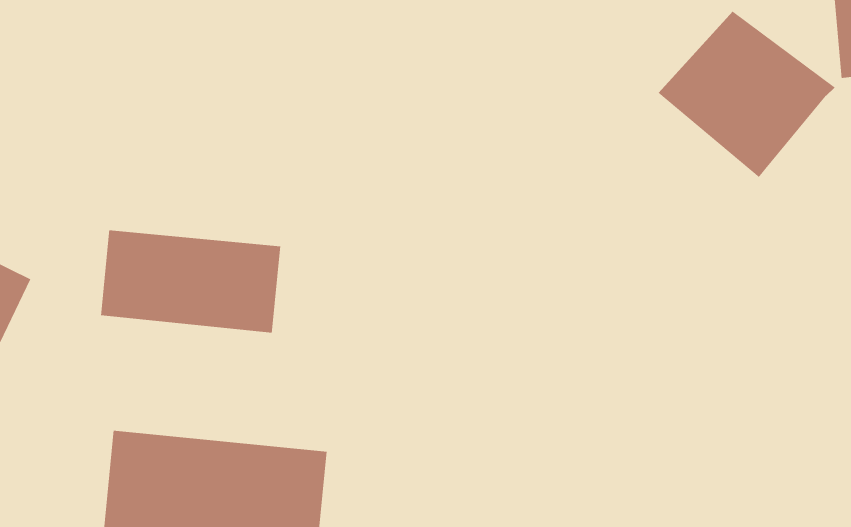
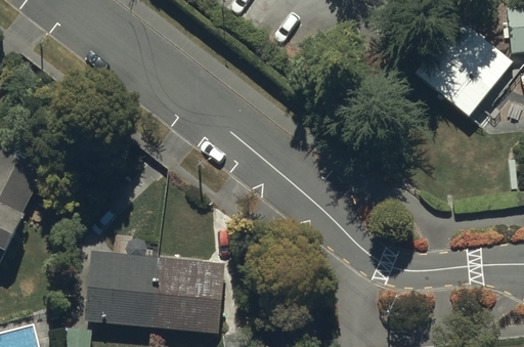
building: [101,229,281,333] -> none

